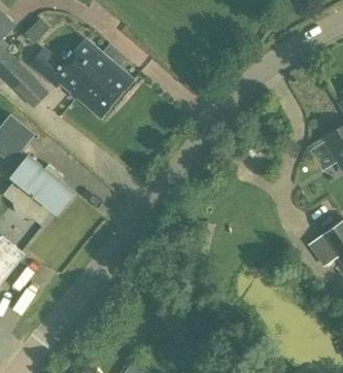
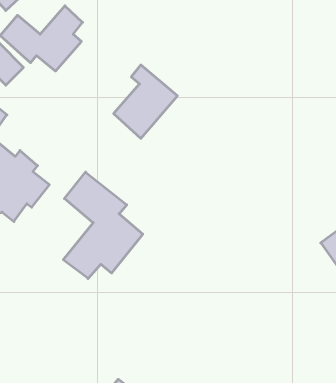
building: [77,54,133,117] -> [114,65,177,138]
building: none -> [63,172,143,279]

